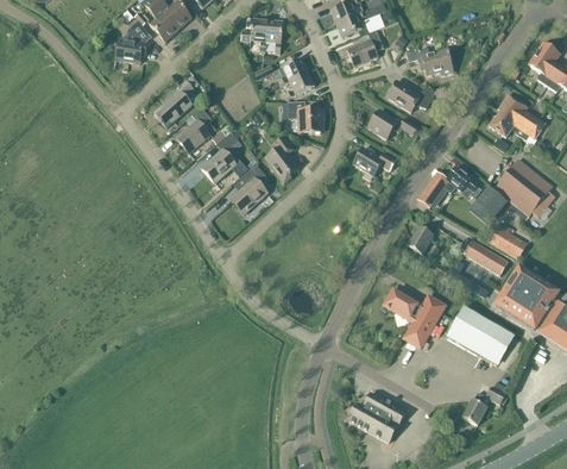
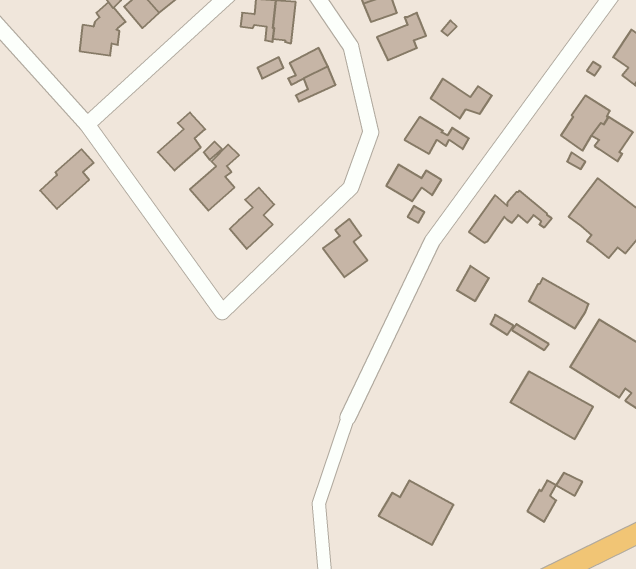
building: [405,46,453,74] -> none
building: [153,80,195,126] -> [40,149,94,209]
building: [288,101,322,131] -> none
building: [264,135,298,180] -> [323,219,367,277]
building: [470,185,508,224] -> none
building: [486,224,528,258] -> none
building: [383,287,445,348] -> none

